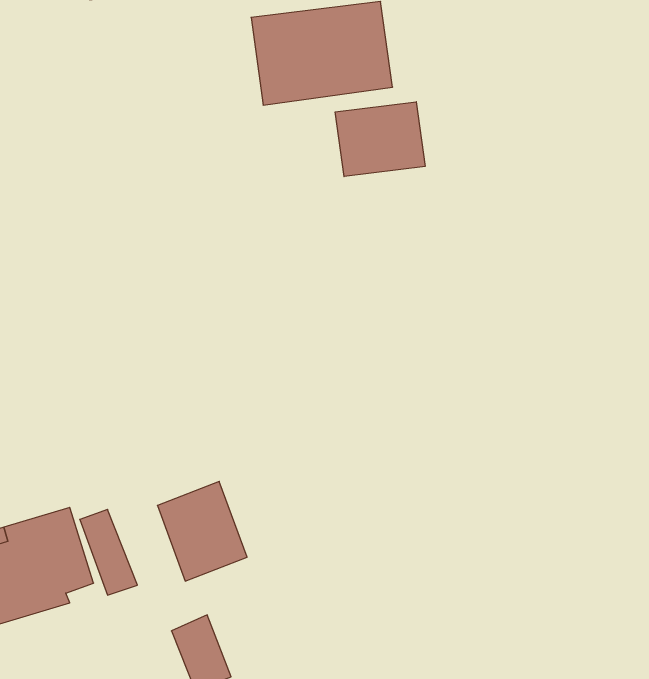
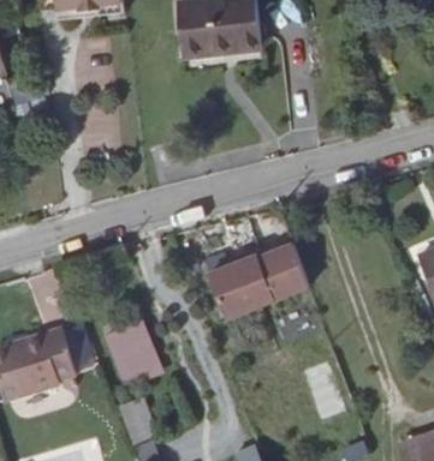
building: [335,102,425,177] -> none
building: none -> [206,235,305,309]

